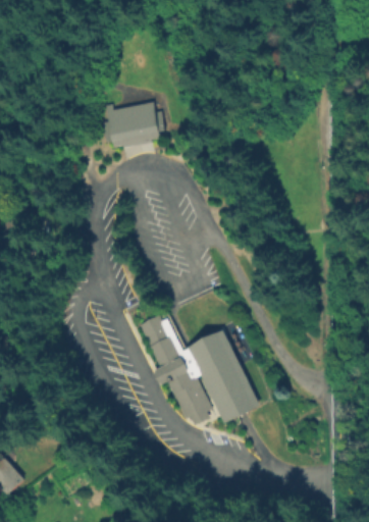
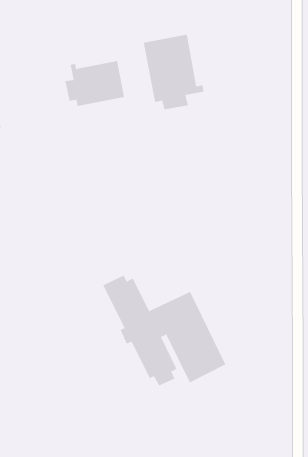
building: none -> [143,34,204,110]

